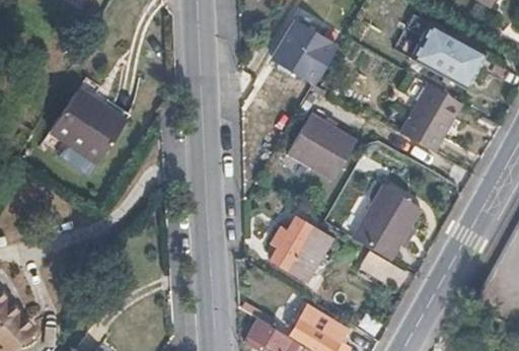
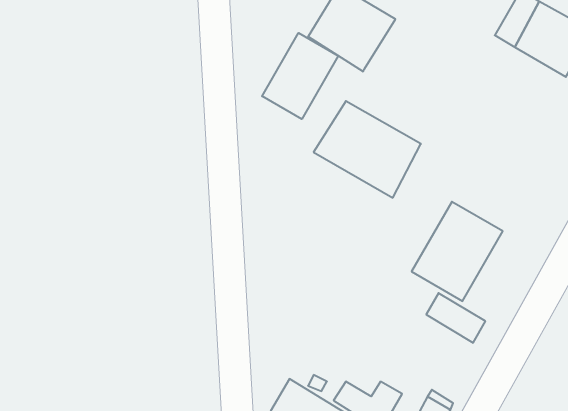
building: none -> [262,33,338,119]
building: [399,84,461,153] -> none
building: [50,89,125,163] -> none
building: [273,219,332,282] -> none

